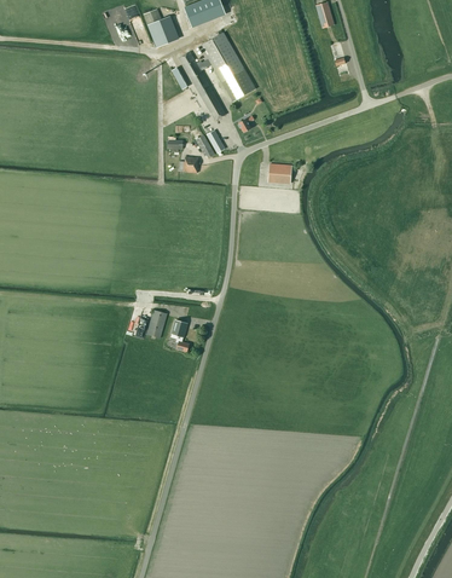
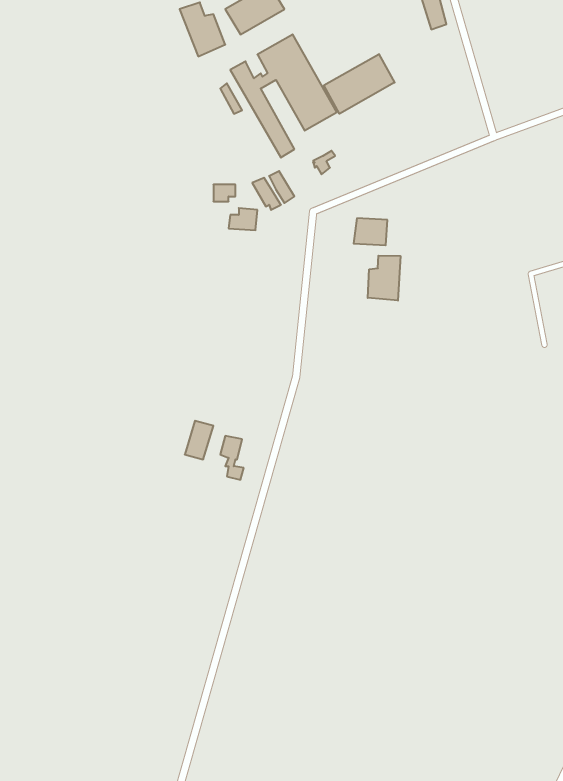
building: none -> [324,54,395,114]
building: none -> [368,256,400,301]

